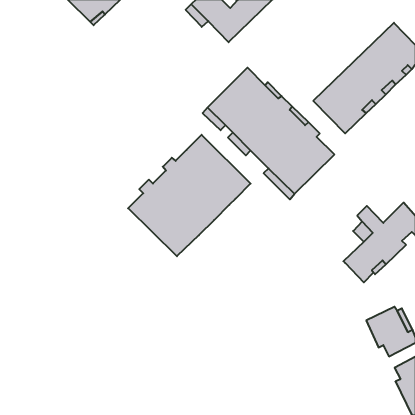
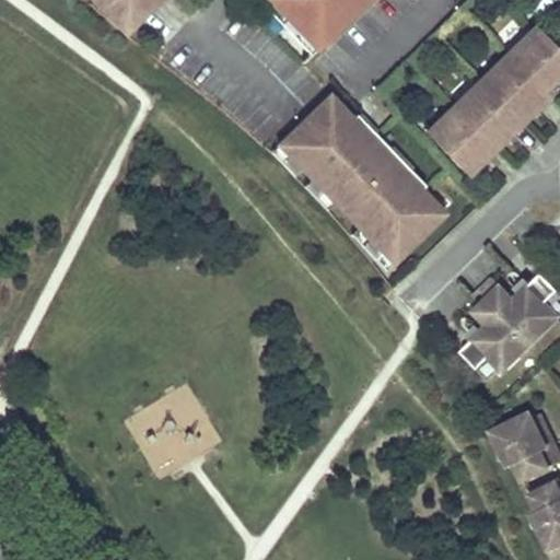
building: [128,135,251,256] -> none

